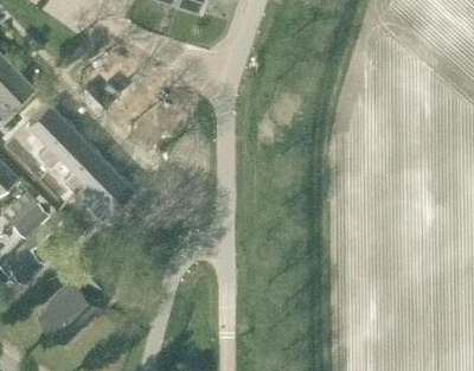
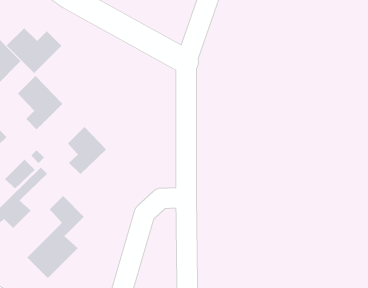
building: none -> [6,27,62,74]
building: [59,139,105,196] -> none

